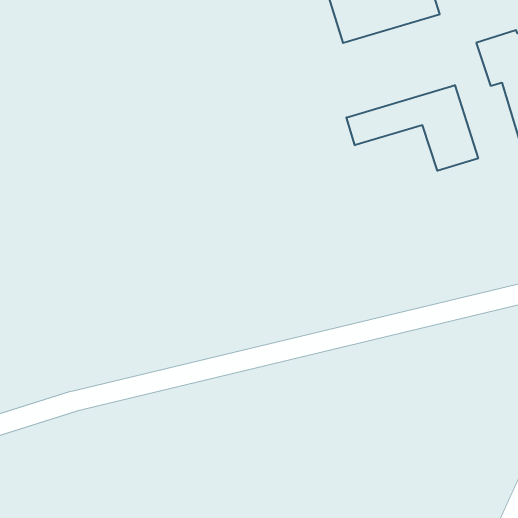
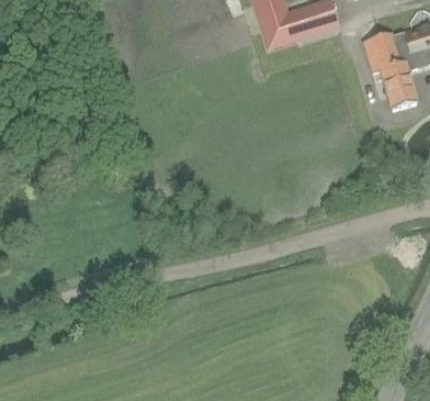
building: [346,85,478,171] -> none

